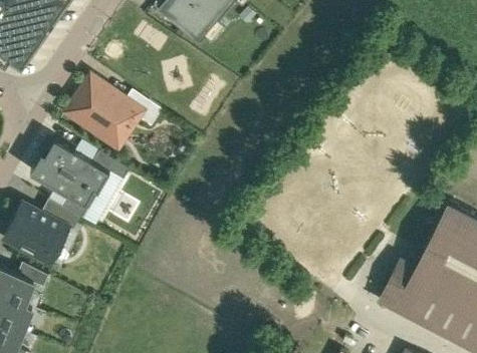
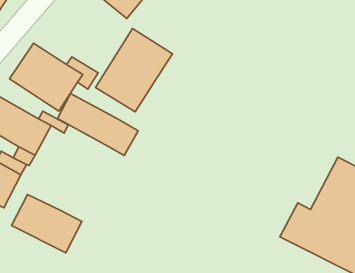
building: none -> [95,28,173,112]
building: none -> [58,93,138,155]
building: none -> [12,194,82,253]

